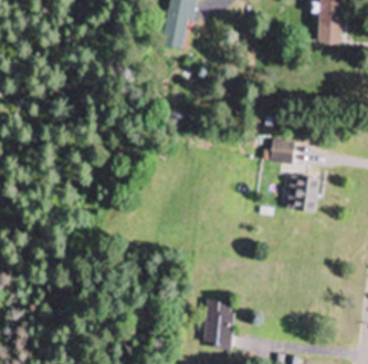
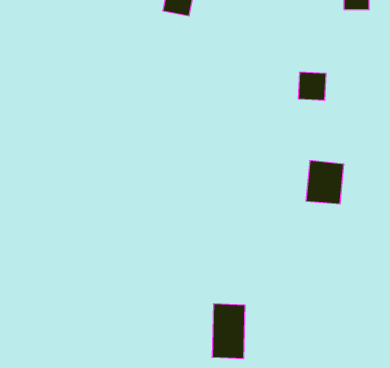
building: [270,138,294,163] -> [298,72,326,100]

